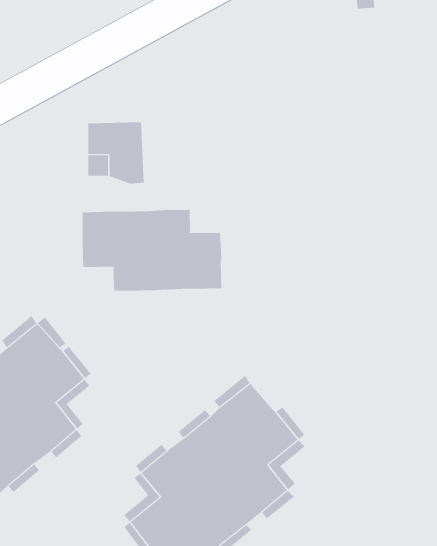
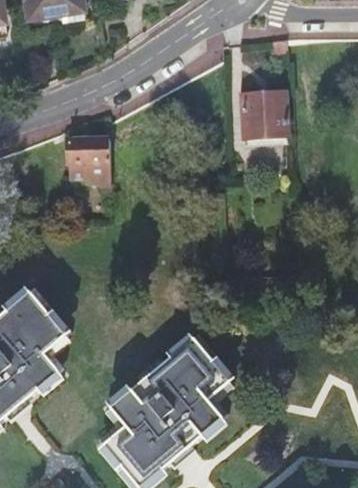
building: none -> [242,92,287,137]
building: [82,209,222,291] -> none

